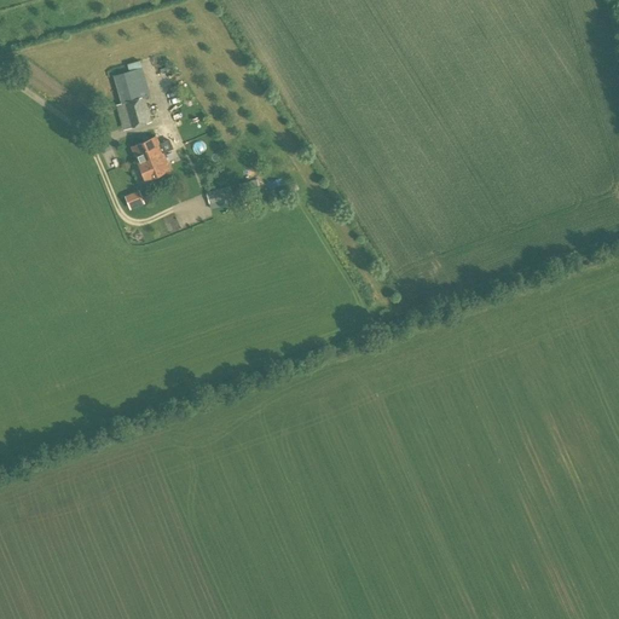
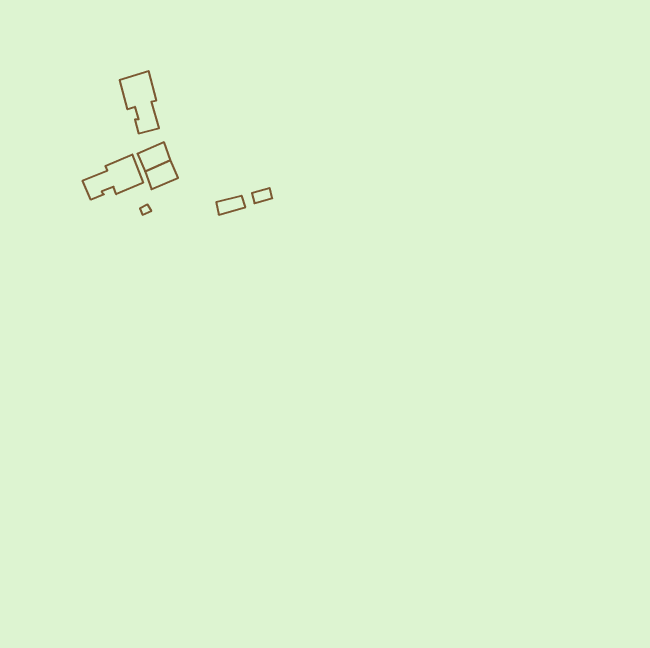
building: none -> [83,154,143,200]

